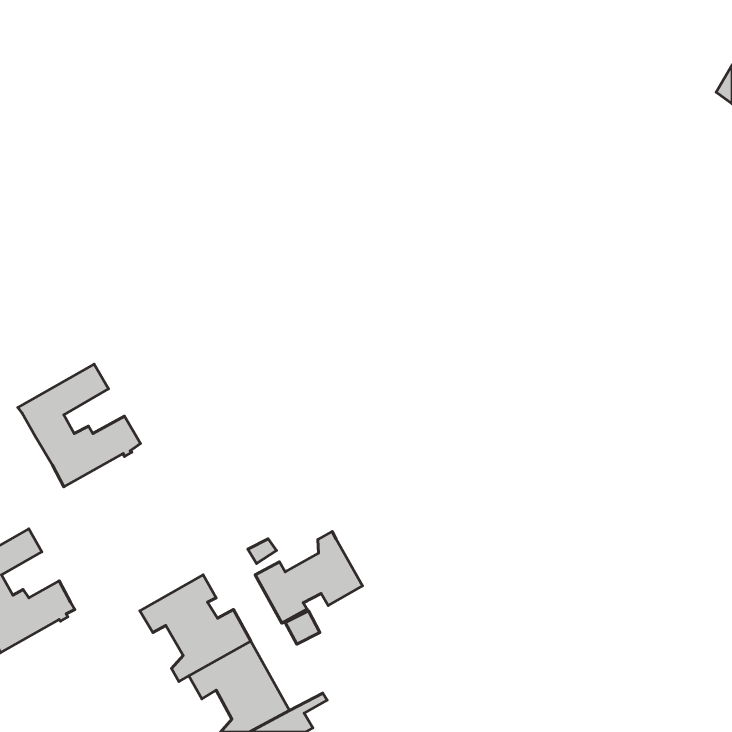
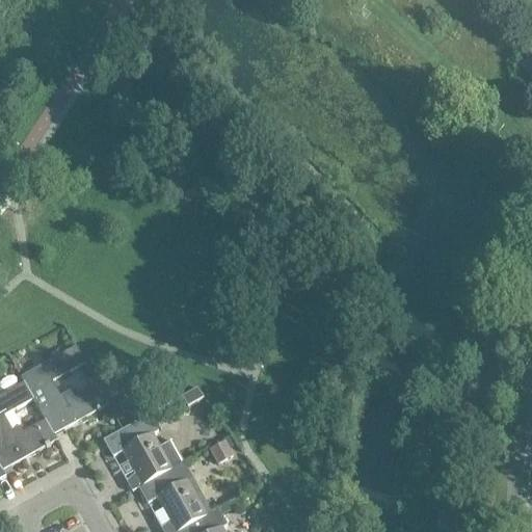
building: [18,364,140,487] -> [18,346,106,434]
building: [255,531,362,623] -> none

